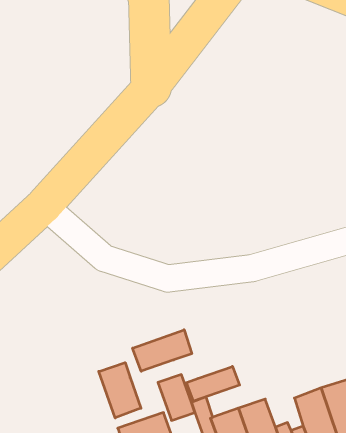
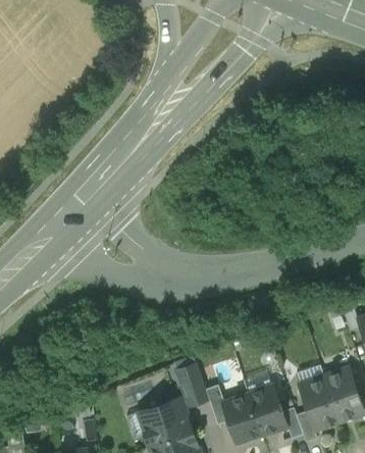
building: [133,330,192,371] -> none
building: [99,363,141,418] -> none
building: [186,366,240,401] -> none

